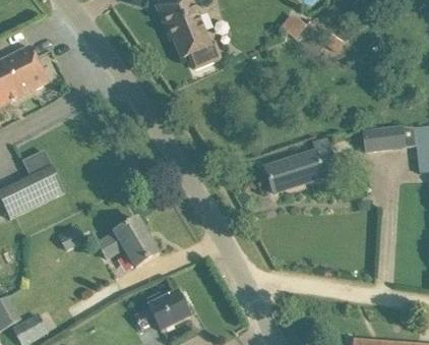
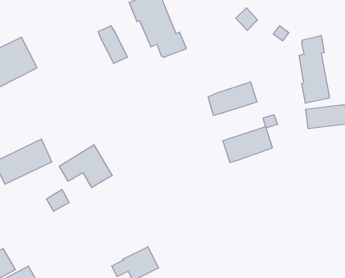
building: none -> [98,26,127,64]
building: none -> [299,35,330,103]
building: none -> [208,82,257,115]
building: [97,217,159,267] -> [59,145,112,187]

